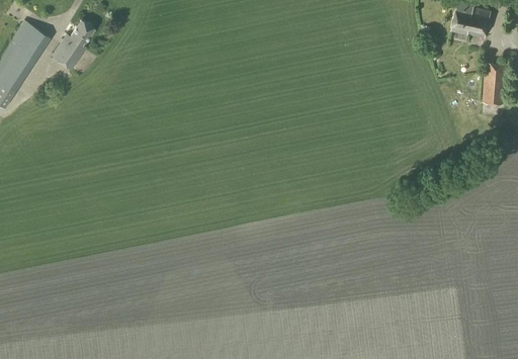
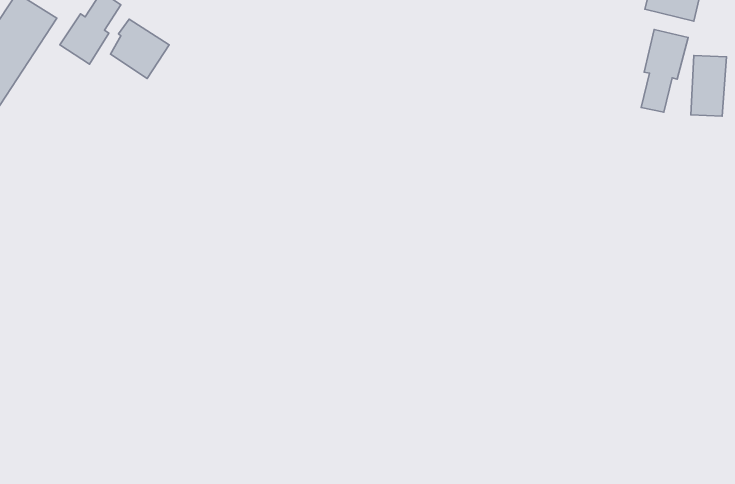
building: none -> [111,19,169,78]
building: none -> [641,29,688,112]

